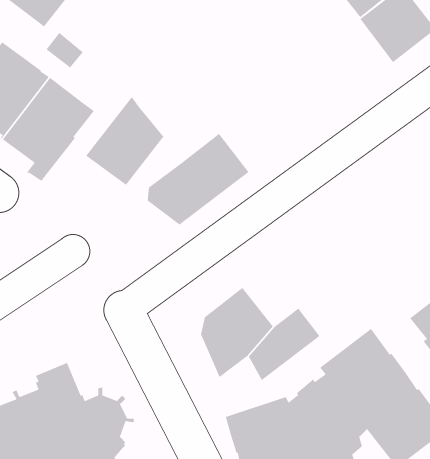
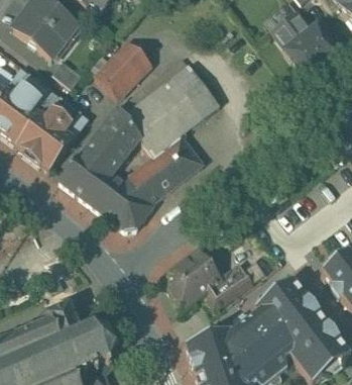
building: none -> [94,39,150,97]
building: none -> [121,64,219,155]
building: none -> [56,150,153,229]

